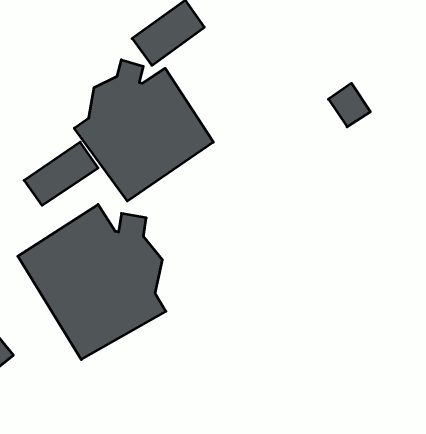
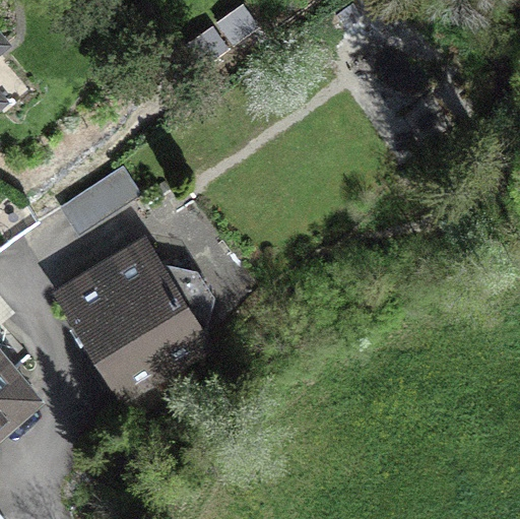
building: [74,60,213,201] -> none

